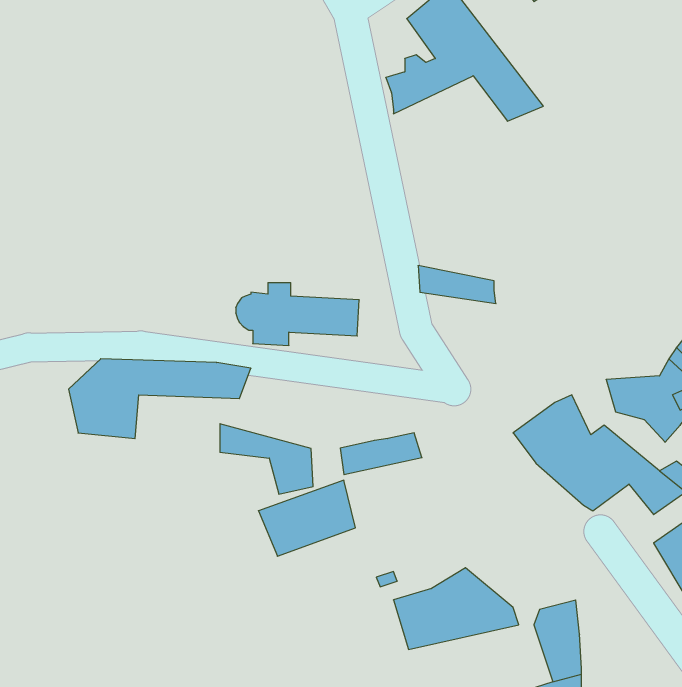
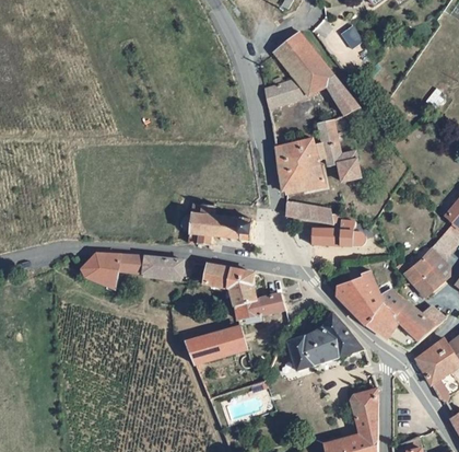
building: none -> [272,118,360,193]
building: none -> [316,223,364,244]
building: [220,424,313,494] -> [204,263,258,303]
building: [393,568,519,649] -> [294,317,366,364]

